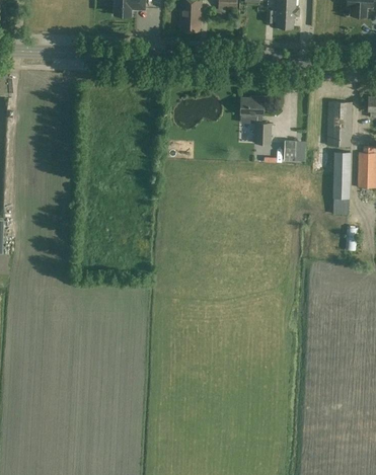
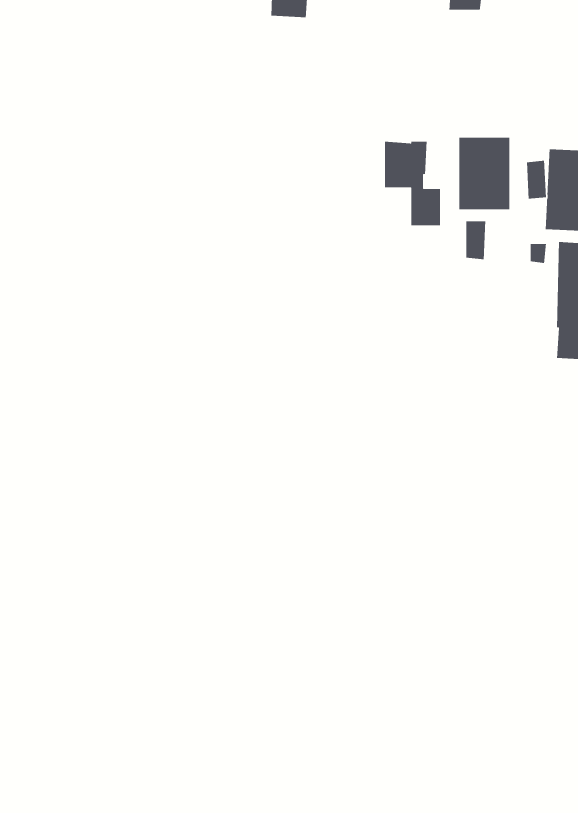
building: none -> [459,137,510,210]

